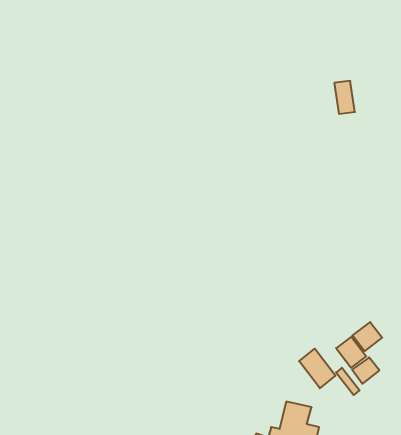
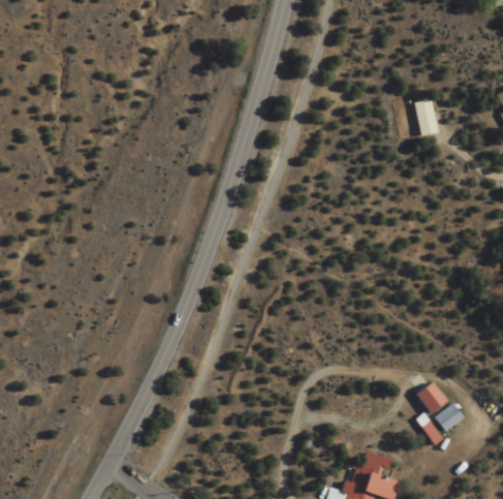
building: [352,322,382,351] -> none
building: [299,349,335,388] -> none

